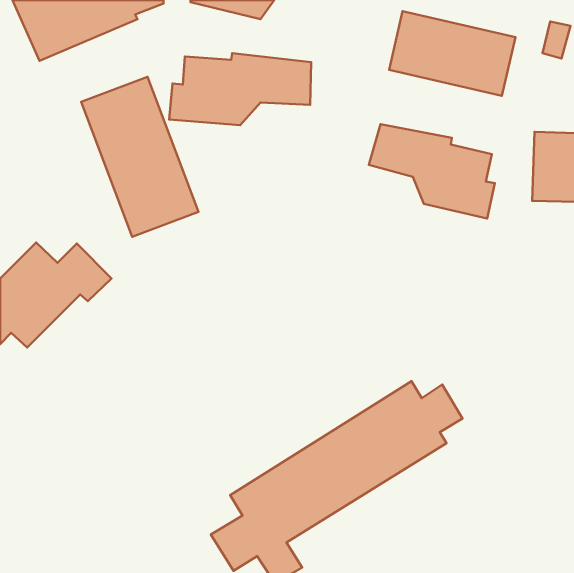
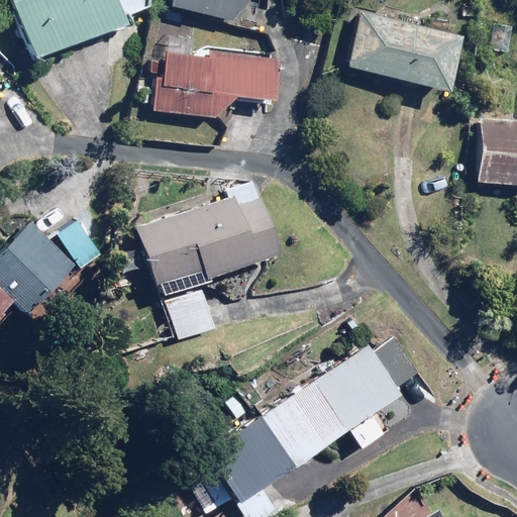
building: [81,77,199,237] -> none
building: [369,124,495,218] -> none
building: none -> [136,181,280,337]

